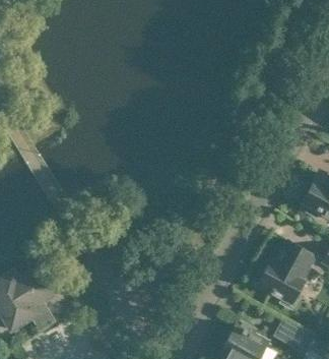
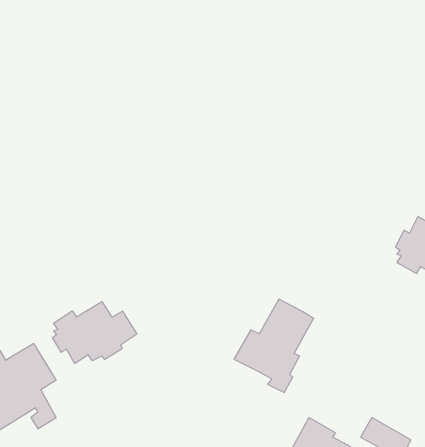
building: none -> [53,301,137,364]
building: [255,240,313,308] -> [234,299,314,393]

